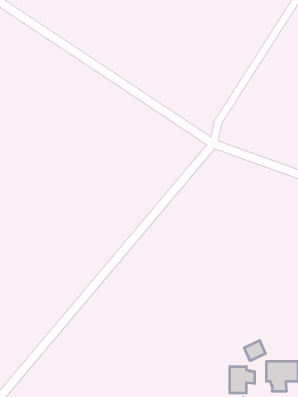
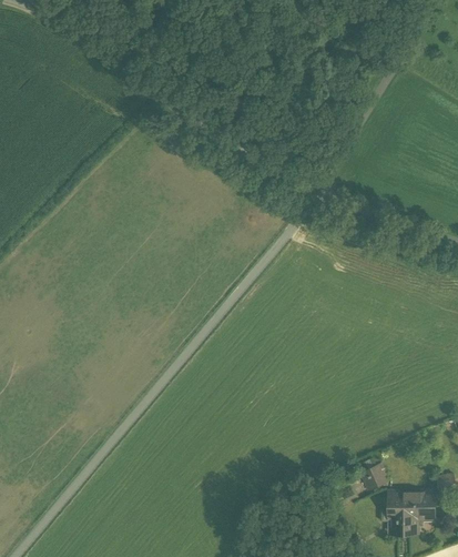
building: [230,366,254,393] -> none

